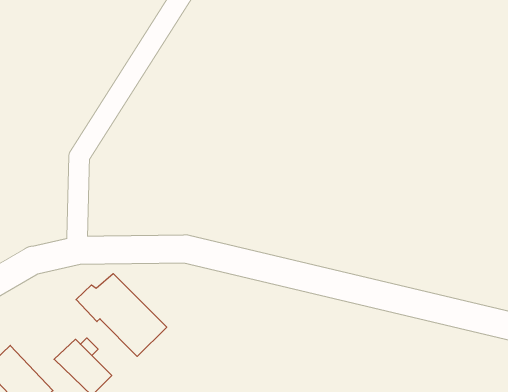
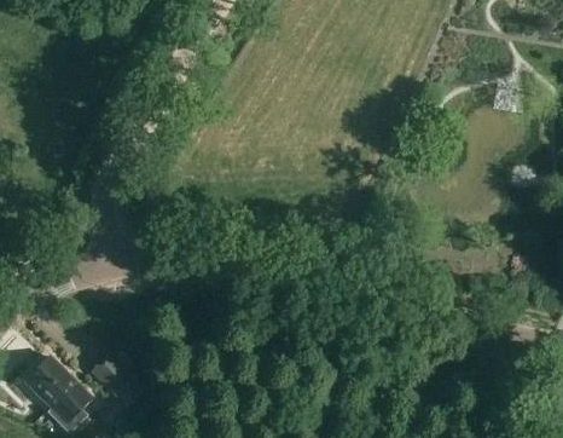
building: [76,274,167,356] -> none

